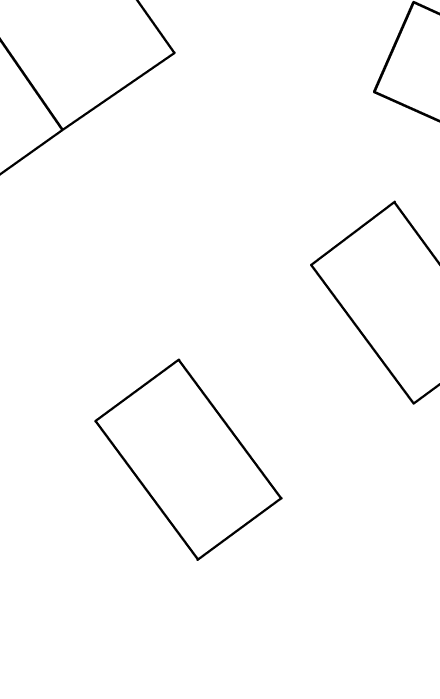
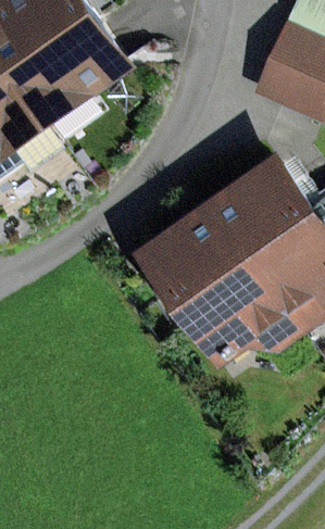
building: [96,360,281,560] -> [161,209,289,347]

